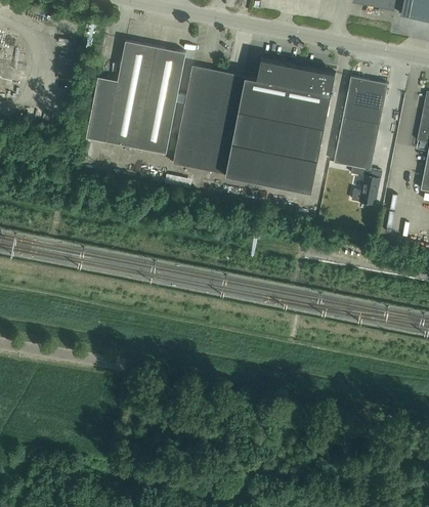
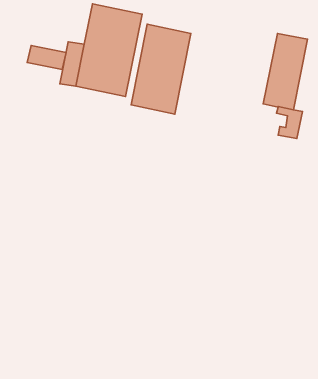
building: [226,58,336,192] -> none
building: none -> [27,45,66,69]

